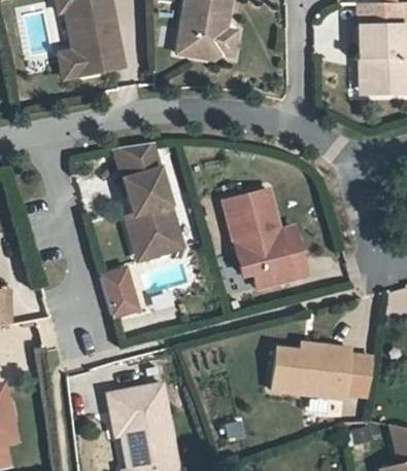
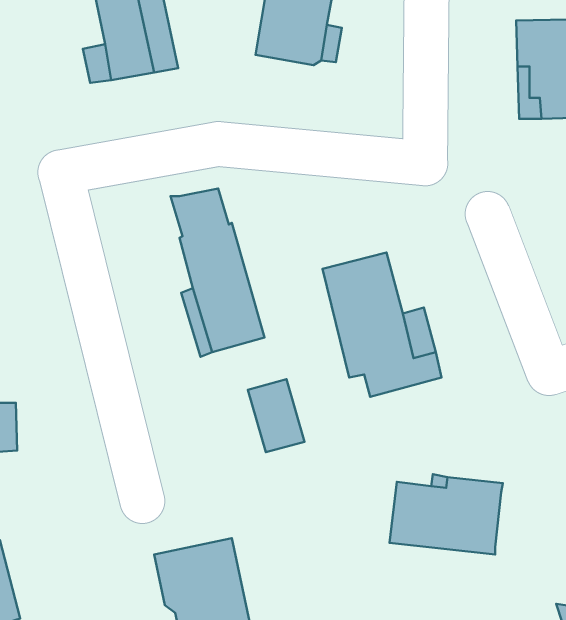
building: [101,268,140,319] -> [248,379,304,452]
building: [344,353,372,393] -> none

